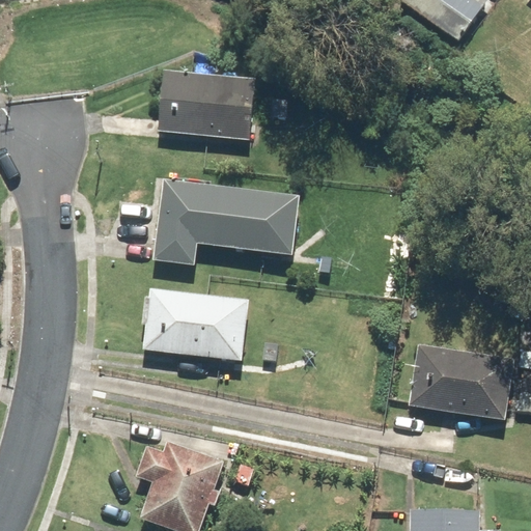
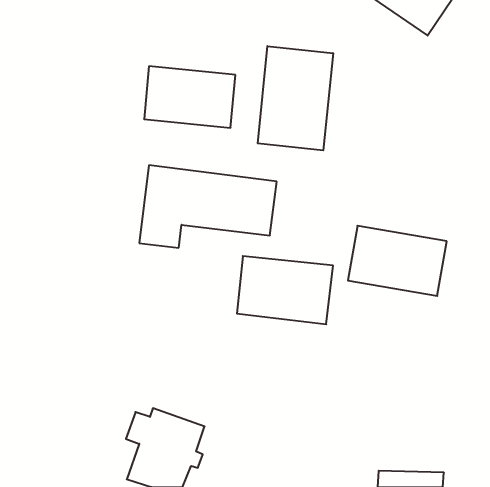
building: none -> [258,46,333,150]
building: [143,288,247,362] -> [237,256,333,324]
building: [407,345,513,421] -> [348,226,447,296]

